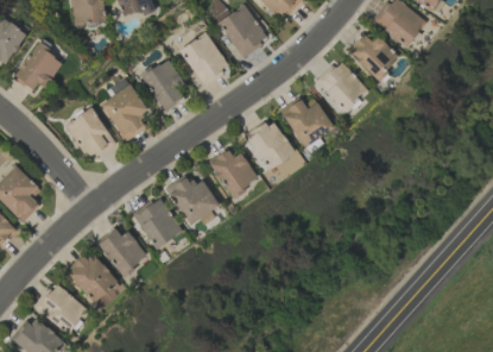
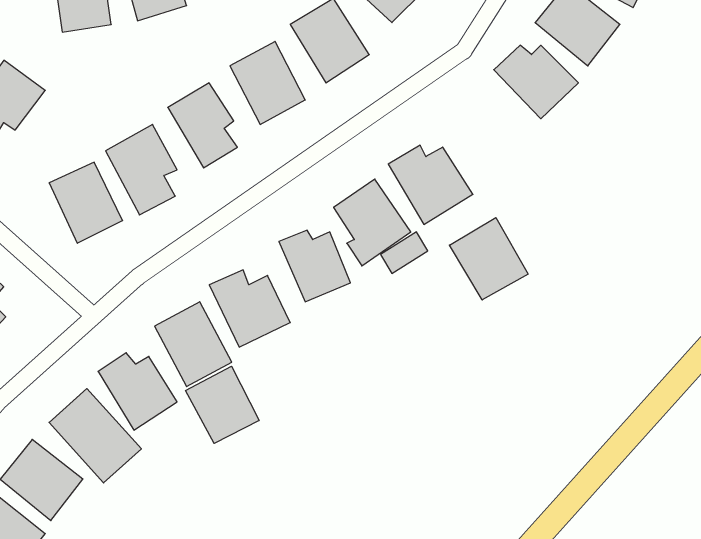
building: [317,61,368,112] -> none
building: none -> [449,218,528,300]
building: none -> [186,366,259,443]

